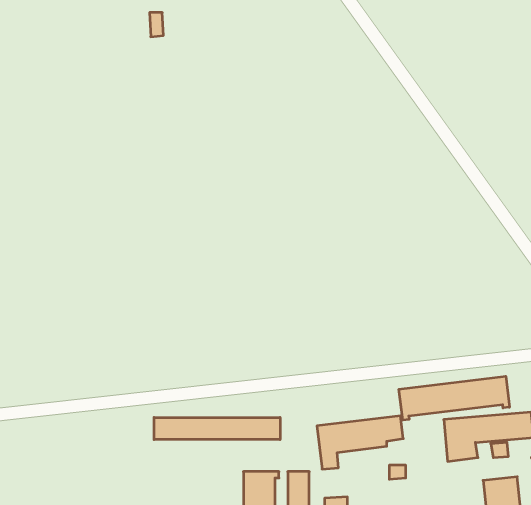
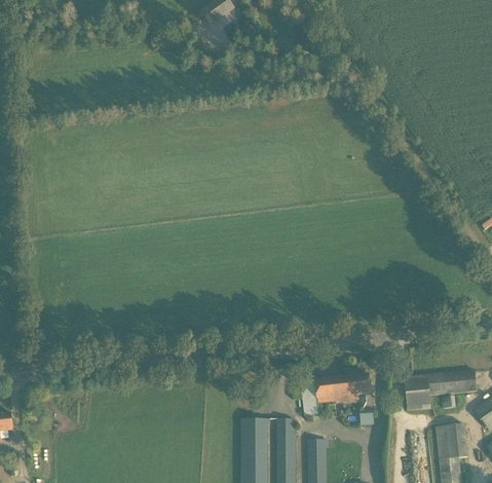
building: [399,376,509,420] -> none
building: [154,417,280,440] -> none

